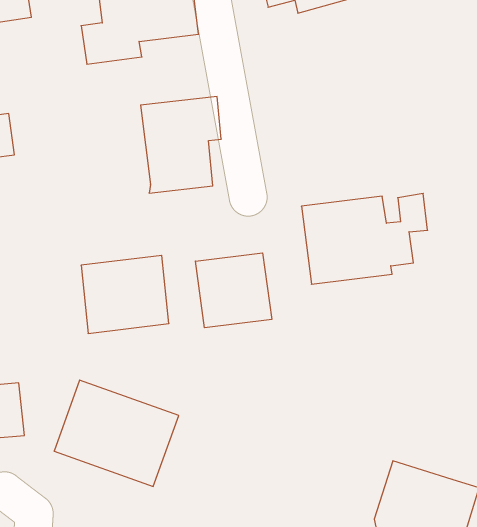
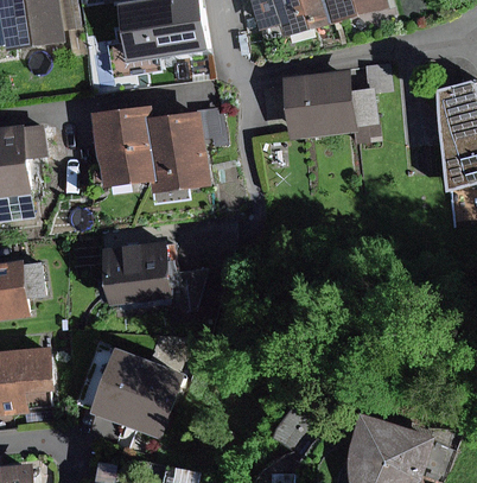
building: none -> [94,106,159,188]
building: [301,193,428,284] -> [281,65,387,141]
building: [195,253,272,328] -> none

